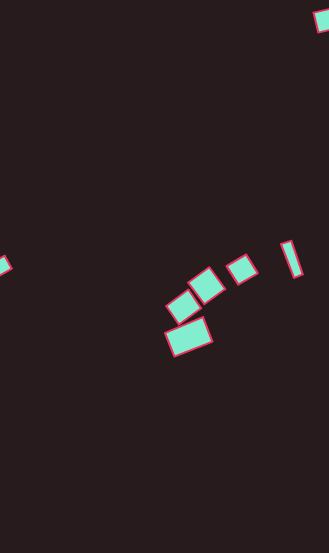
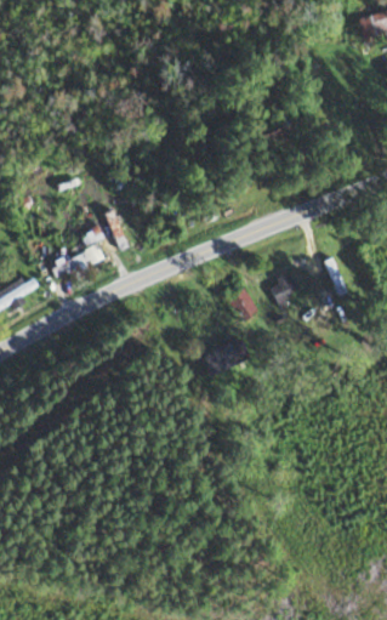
building: none -> [50,222,106,277]
building: [166,290,201,325] -> none

